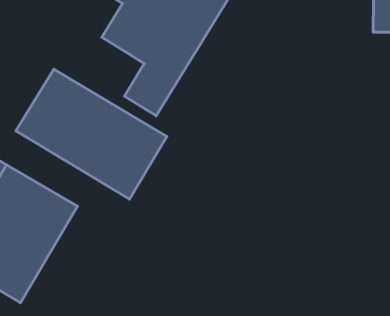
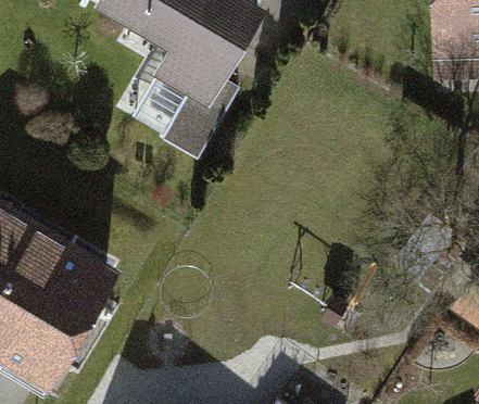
building: [16,69,167,199] -> none

